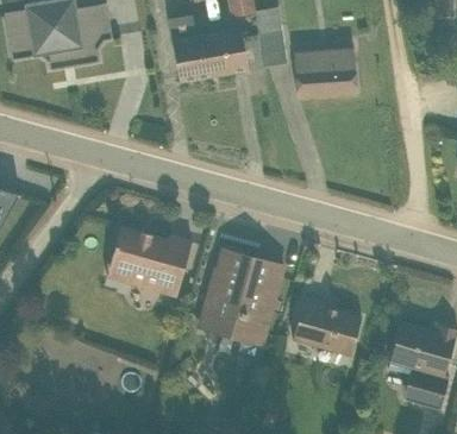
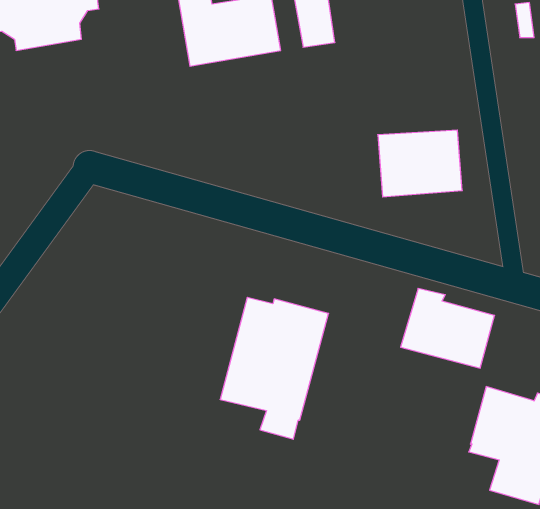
building: [294,46,357,96] -> [378,130,462,197]
building: [107,225,192,295] -> none
building: [292,295,362,354] -> [401,288,495,368]

